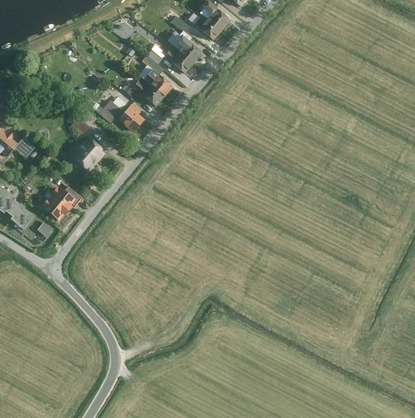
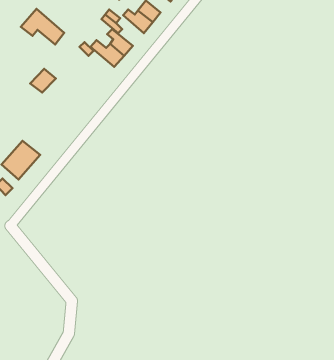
building: [98,95,142,131] -> [21,9,64,45]
building: [69,137,105,171] -> none

